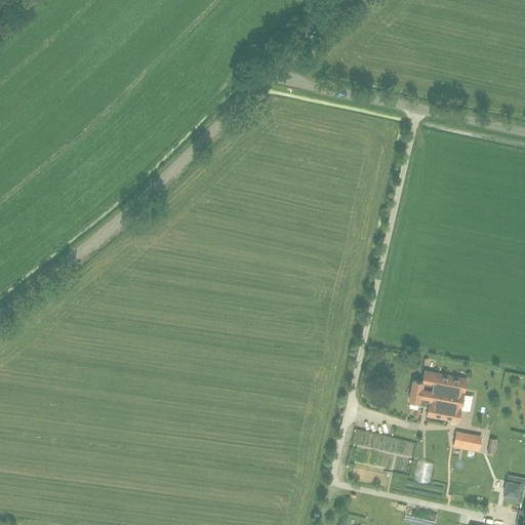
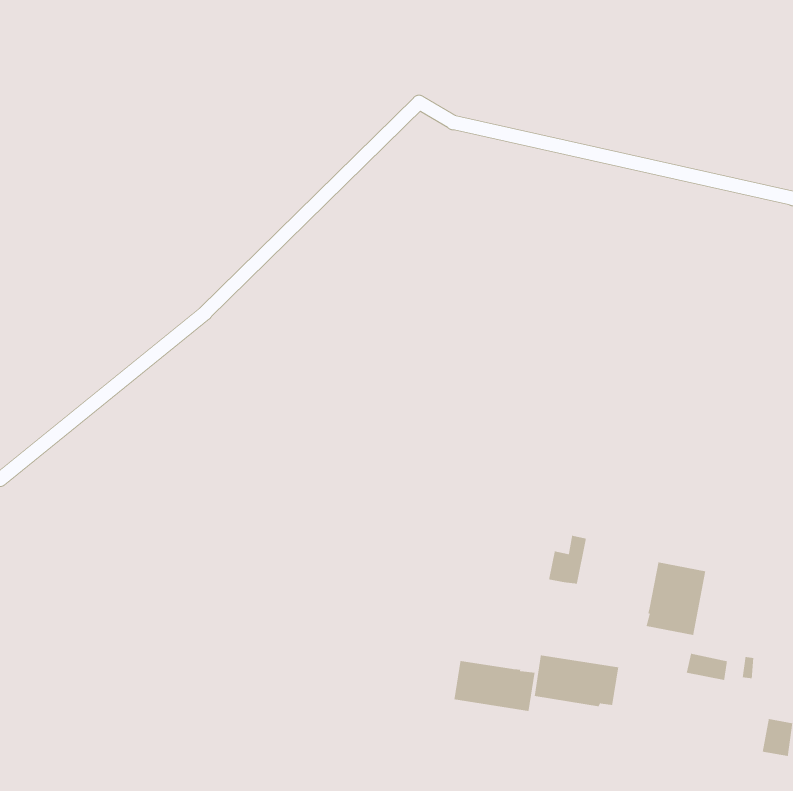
building: [409,369,435,402] -> [548,535,587,585]
building: none -> [453,660,535,712]

